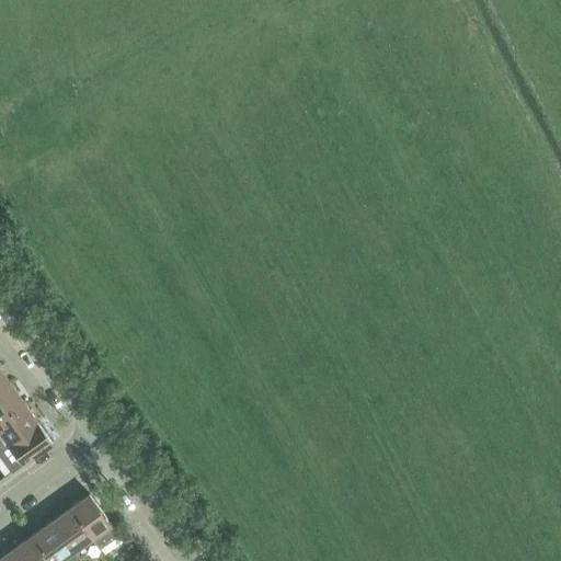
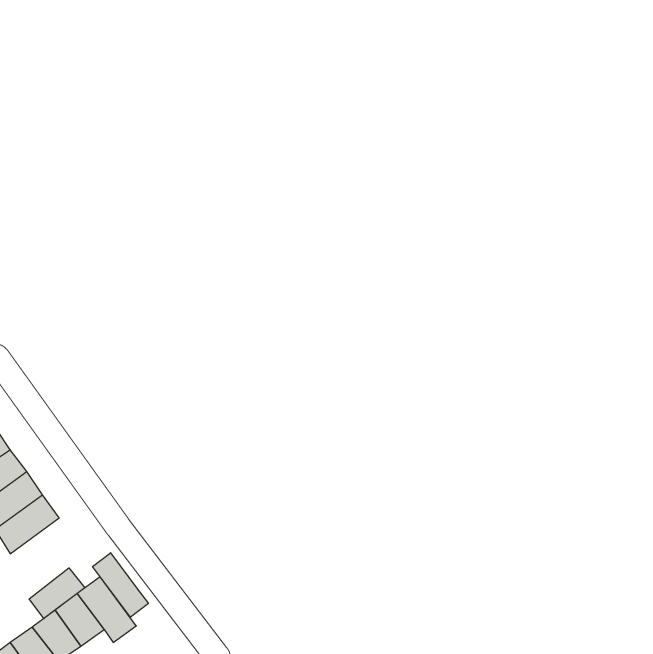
building: none -> [93,553,148,617]
building: none -> [29,568,85,619]

